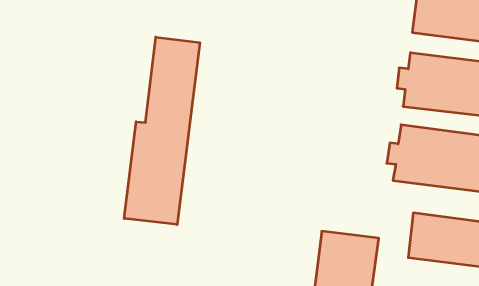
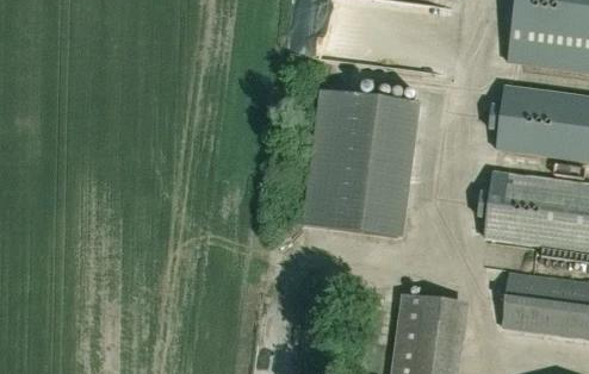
building: [124,37,200,225] -> none
building: none -> [304,91,417,237]

